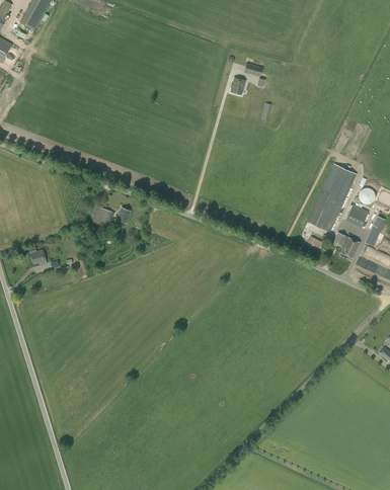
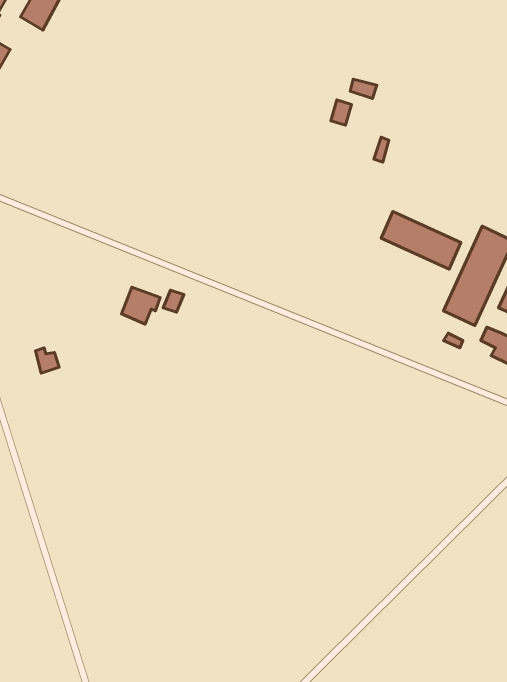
building: none -> [381,211,461,269]

